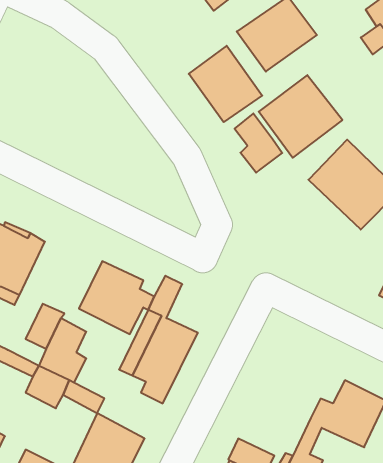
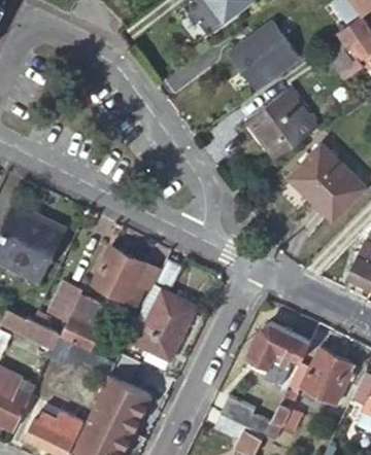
building: [189,46,262,122] -> none
building: [235,113,282,173] -> none
building: none -> [247,323,309,388]

